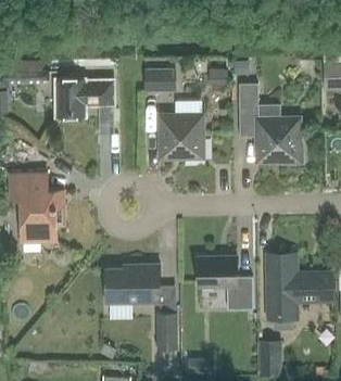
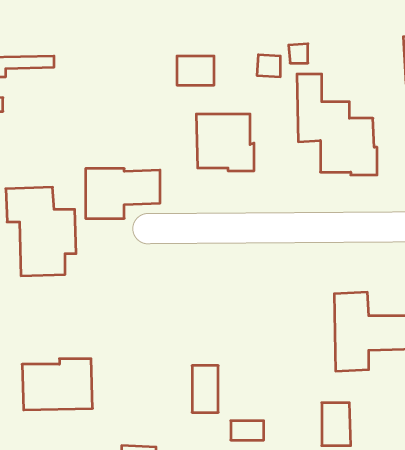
building: [54,78,113,117] -> [86,169,160,218]
building: [197,256,252,309] -> none
building: [104,264,160,304] -> [22,359,93,410]

